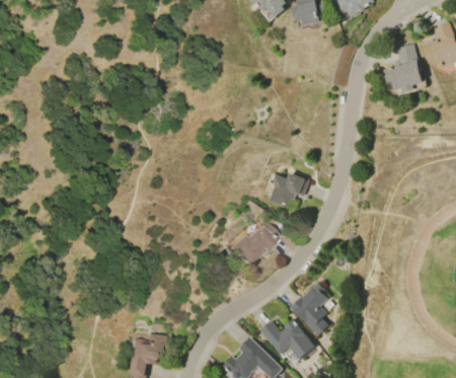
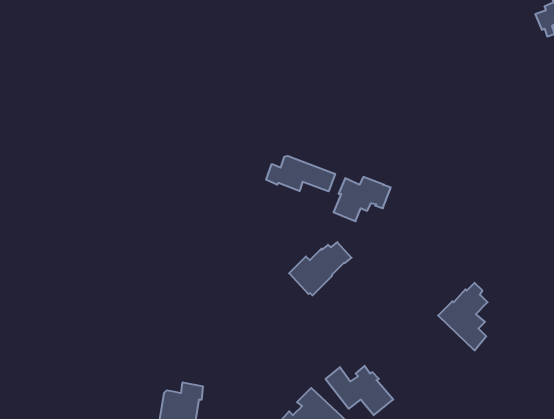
building: [383,44,424,90] -> none
building: none -> [266,156,335,191]
building: [290,283,328,335] -> [438,283,488,350]

